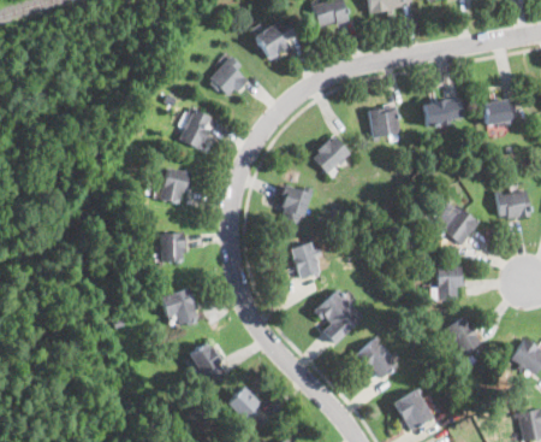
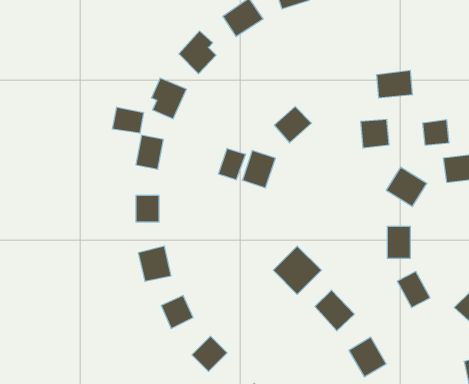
building: [482,99,511,126] -> [423,120,449,145]
building: [369,106,400,137] -> [361,119,389,148]
building: none -> [113,107,144,133]
building: none -> [219,148,245,180]
building: [290,242,322,281] -> none

